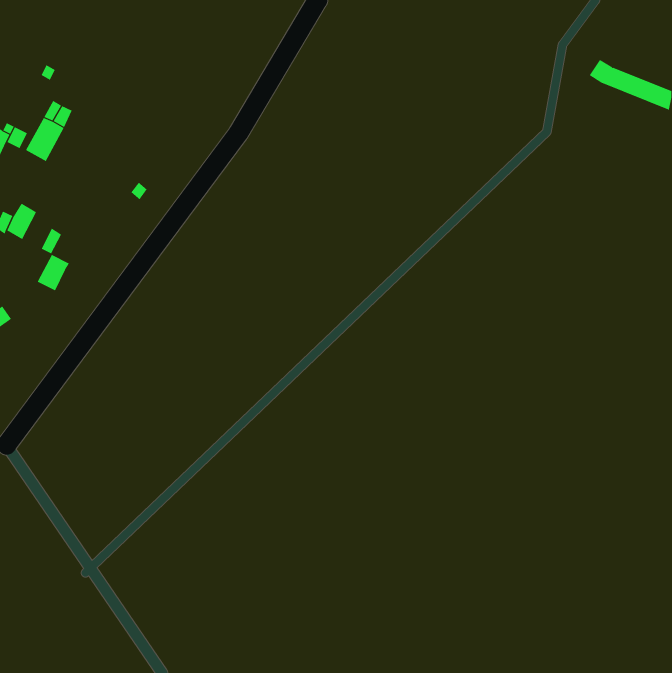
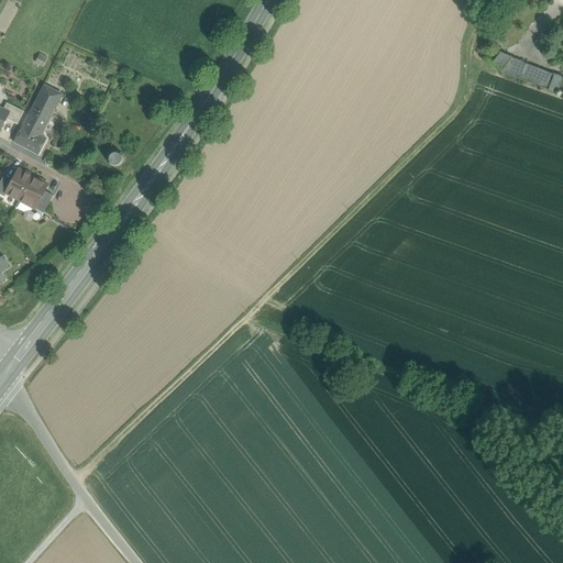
building: none -> [13,125,45,154]
building: [37,254,70,291] -> [19,177,46,208]

